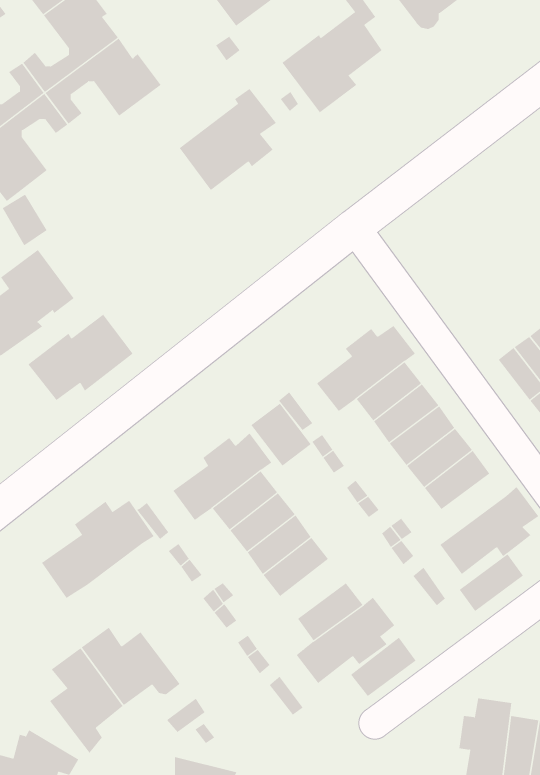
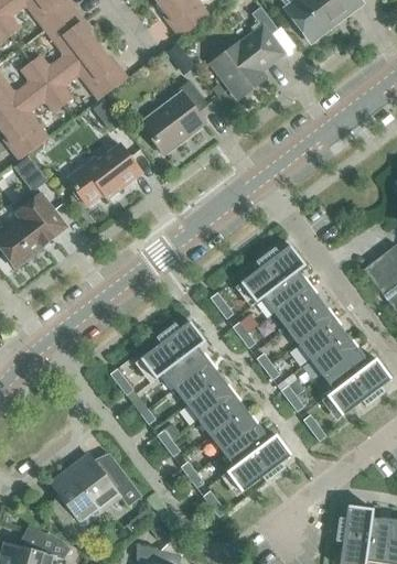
building: [28,314,133,401] -> [67,143,141,204]
building: [251,403,312,466] -> none
building: [41,500,155,599] -> none
building: [459,553,524,612] -> [323,348,368,389]
building: [350,637,417,697] -> [211,408,257,449]

